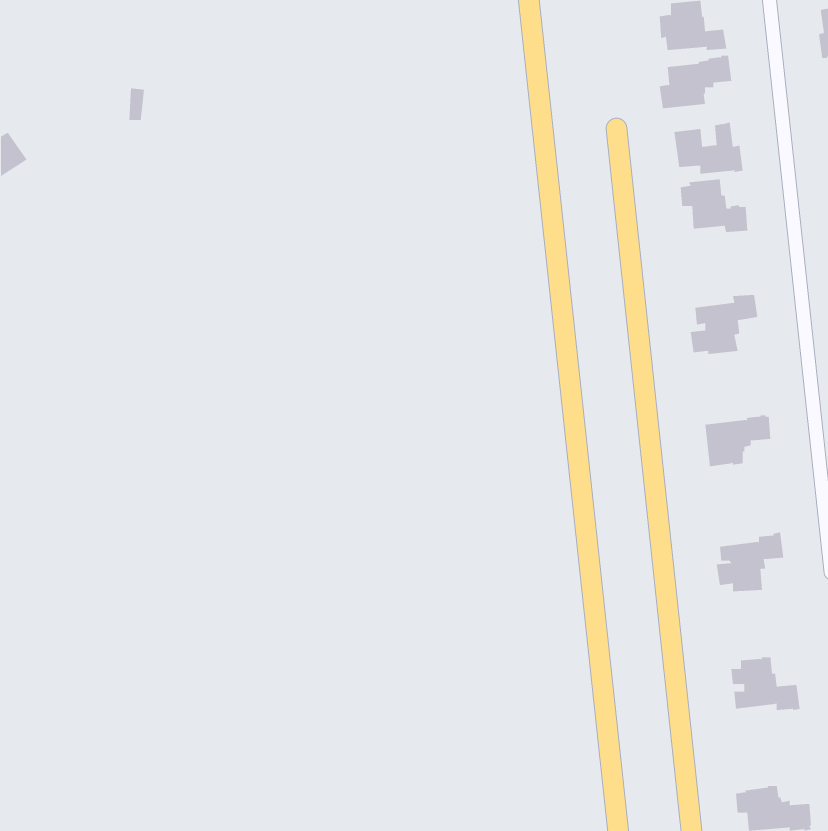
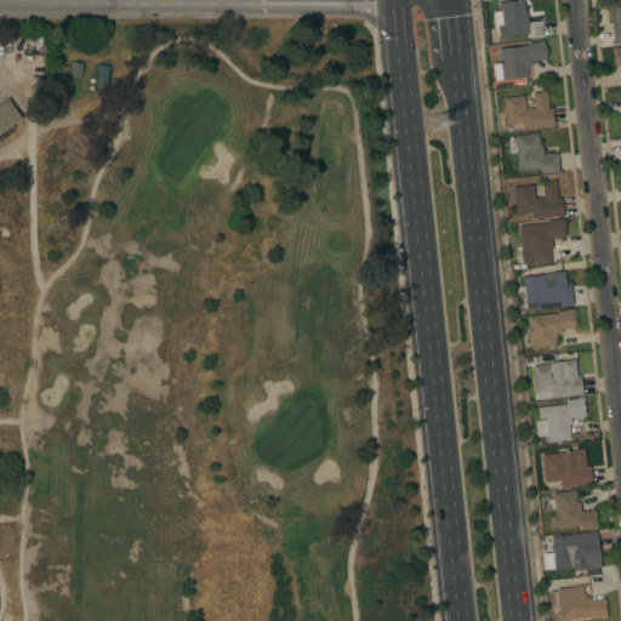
building: none -> [514,181,564,220]
building: none -> [518,272,574,309]
building: none -> [534,359,583,399]
building: none -> [543,449,593,488]
building: none -> [545,531,602,570]

